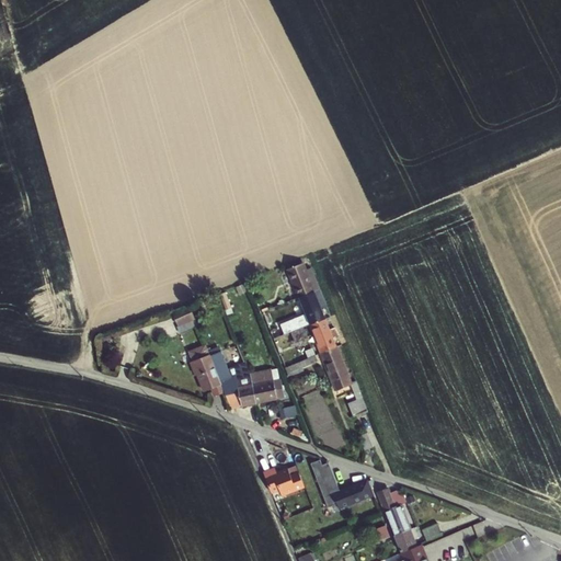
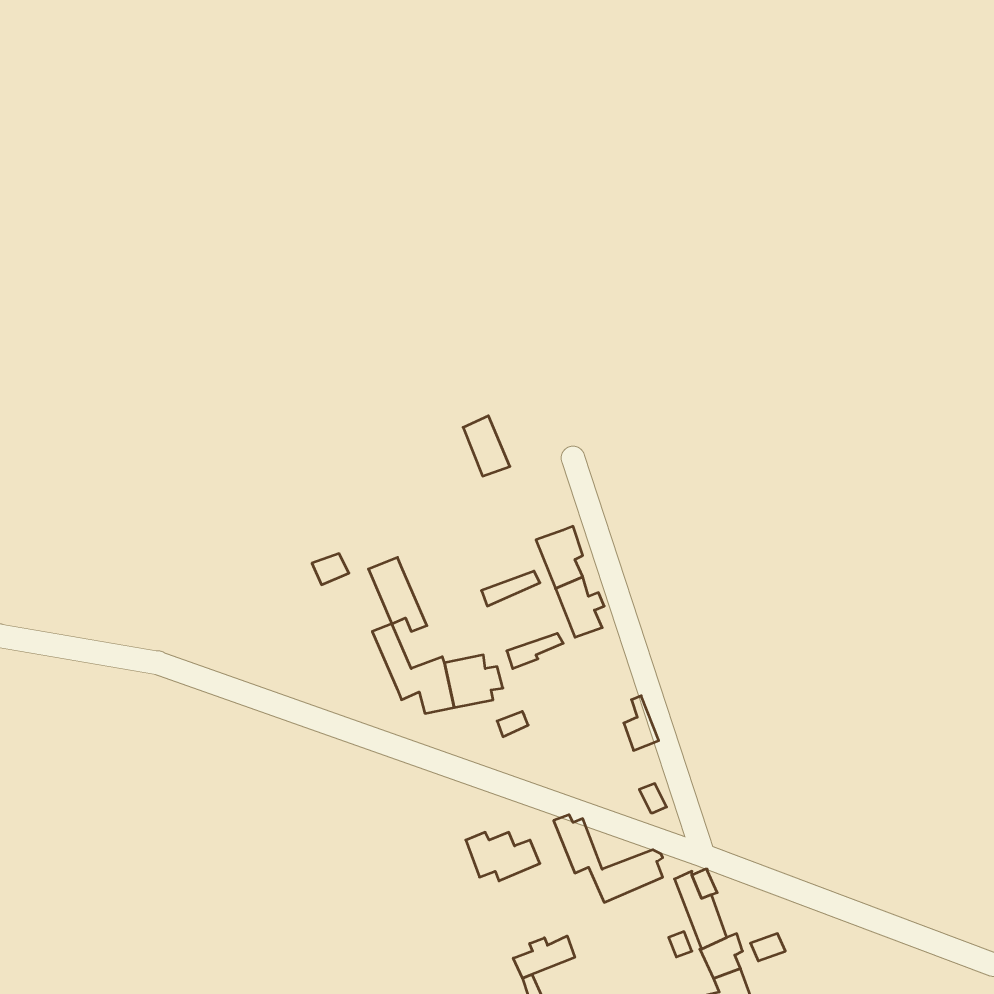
building: [290,271,317,305] -> [463,416,510,476]
building: [191,351,224,392] -> [368,557,427,631]
building: [323,354,353,394] -> none
building: none -> [513,936,575,978]

